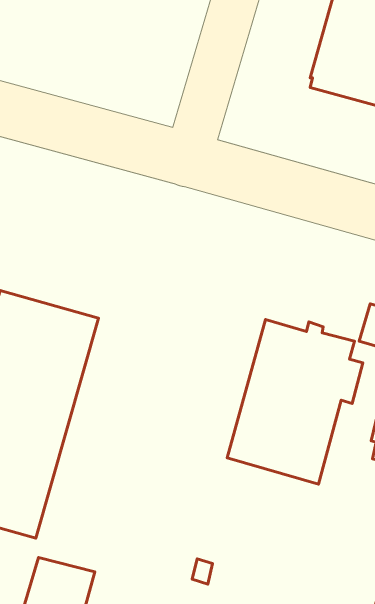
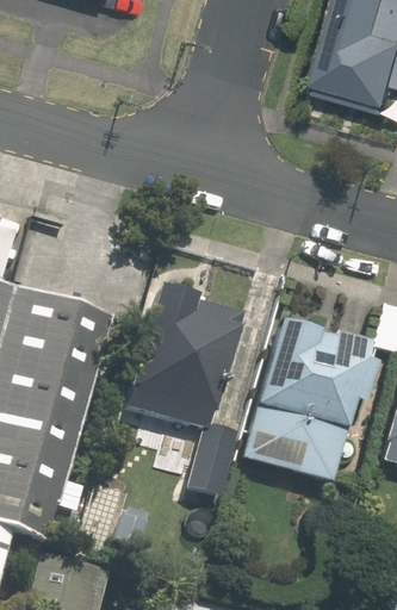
building: none -> [128,291,243,500]

